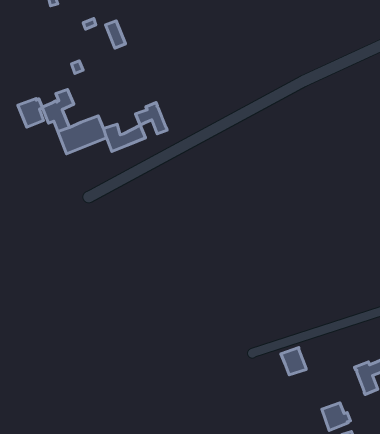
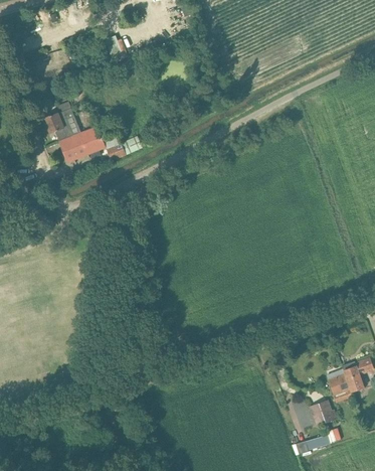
building: [18,99,43,127] -> none
building: [135,103,167,134] -> none
building: [281,347,306,375] -> [327,369,351,396]

